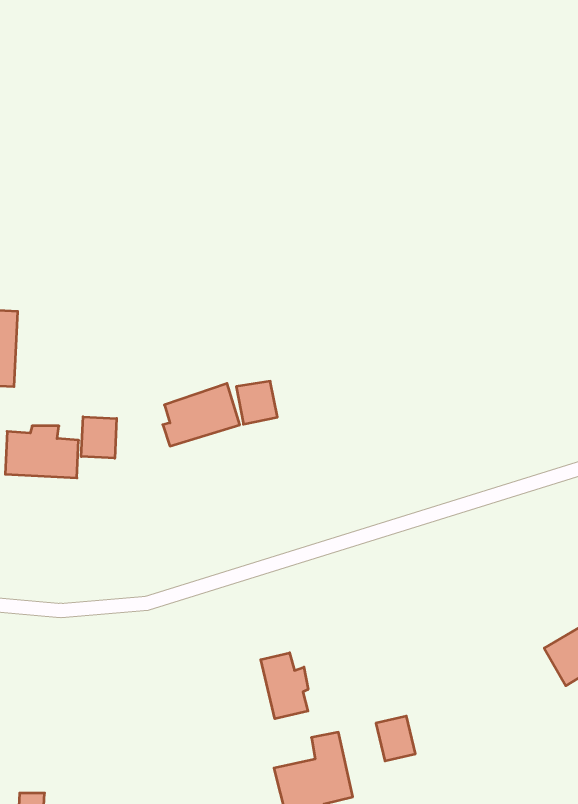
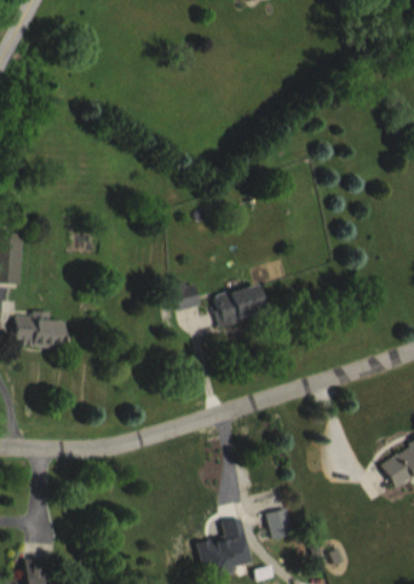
building: [163,383,240,446] -> [214,284,266,326]
building: [81,417,117,458] -> none
building: [261,653,308,719] -> none

